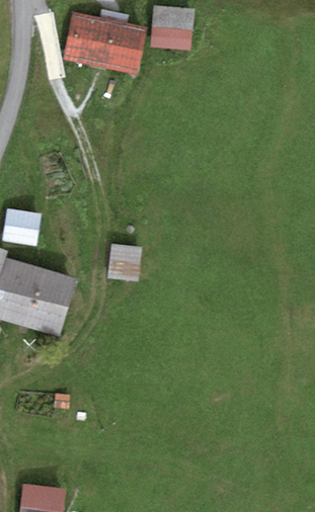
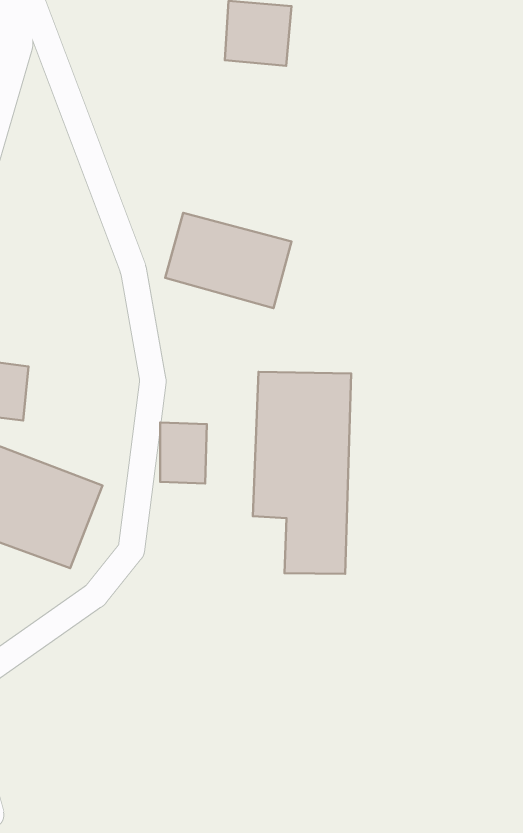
building: [62,17,133,71] -> [165,213,291,308]
building: none -> [253,372,351,574]

